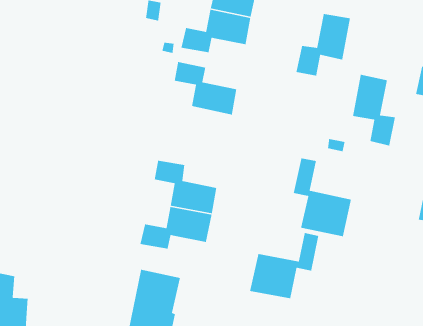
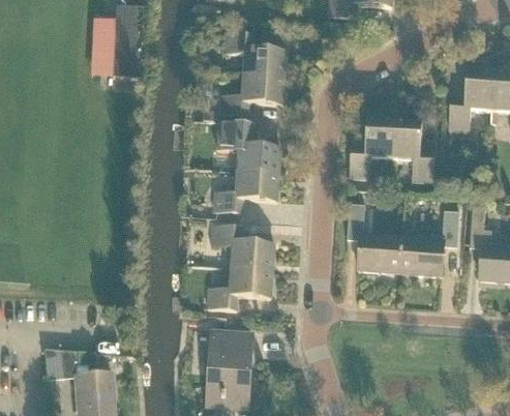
building: [295,13,351,77] -> [349,115,394,176]
building: none -> [214,169,278,211]
building: [249,232,319,299] -> [399,210,458,275]

